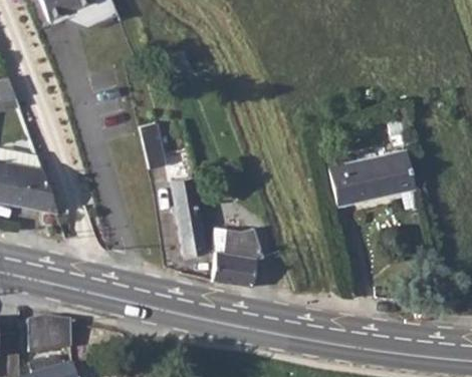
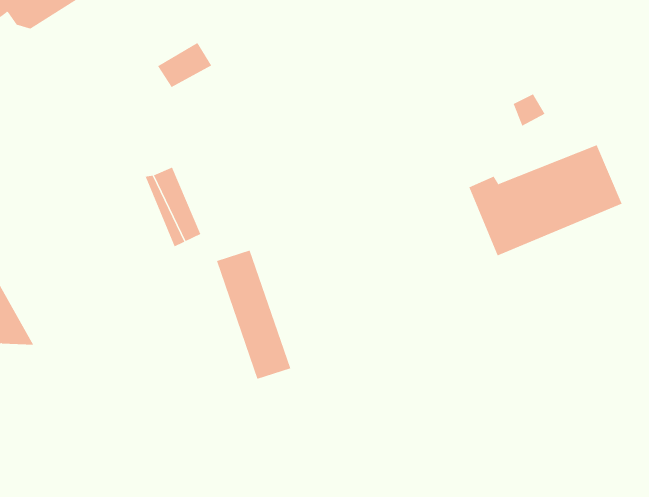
building: [211,227,263,288] -> none

